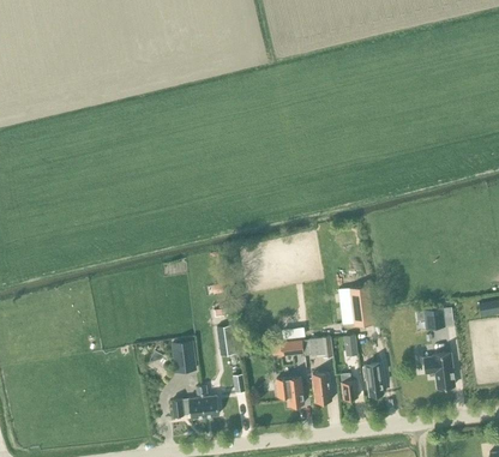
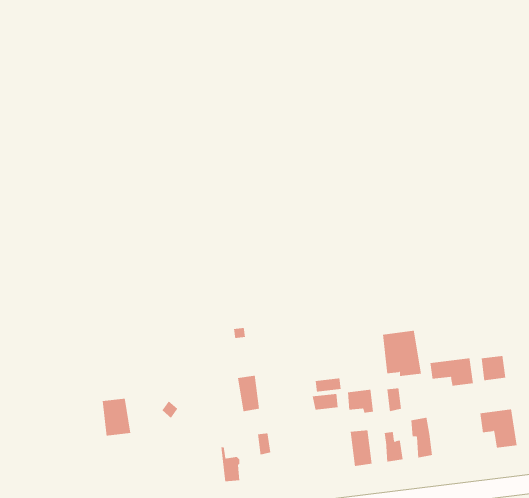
building: none -> [430,358,474,386]
building: [172,339,197,372] -> [102,398,131,436]
building: [276,377,303,405] -> none
building: [172,386,205,417] -> none

